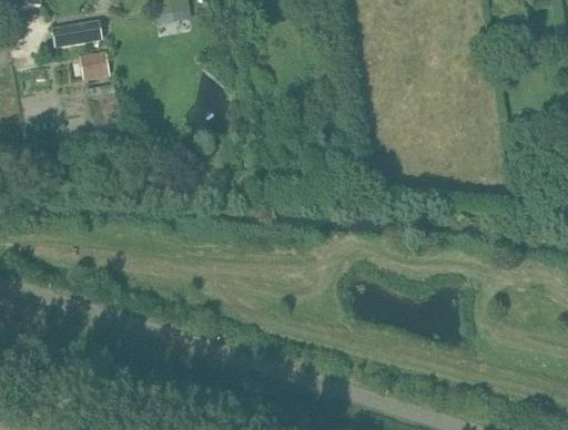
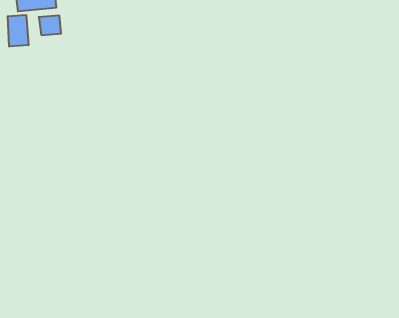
building: none -> [8,15,28,47]

